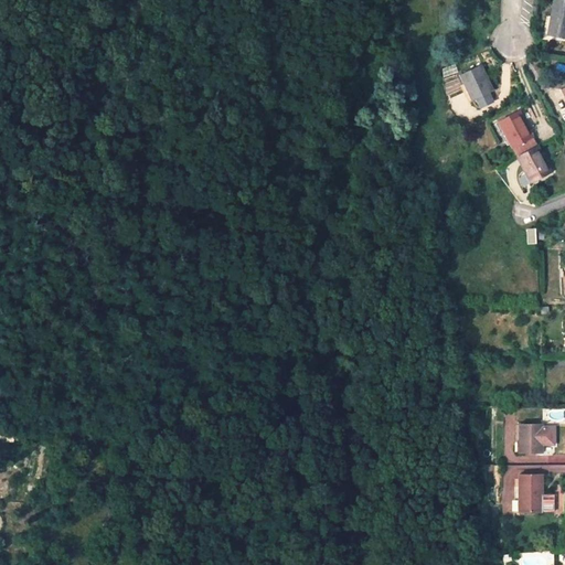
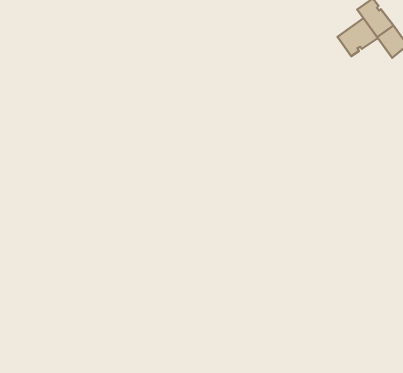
building: none -> [338,18,378,56]

